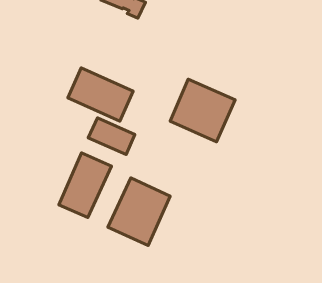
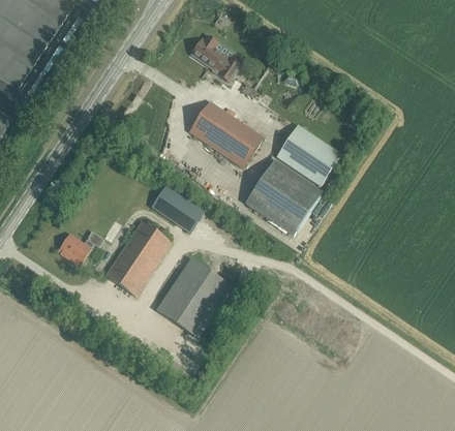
building: none -> [275,124,340,186]
building: [68,68,133,121] -> [188,100,263,167]
building: none -> [57,230,102,266]

